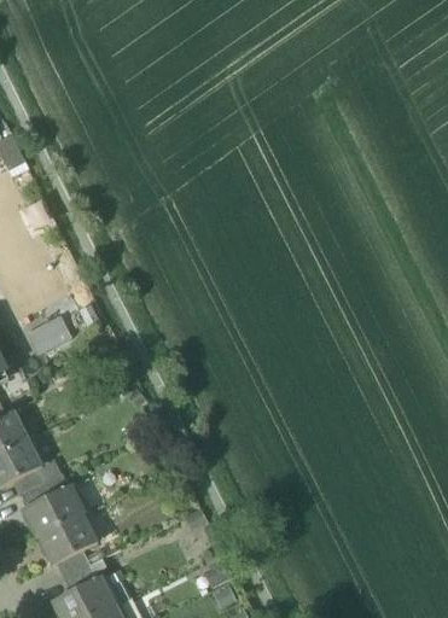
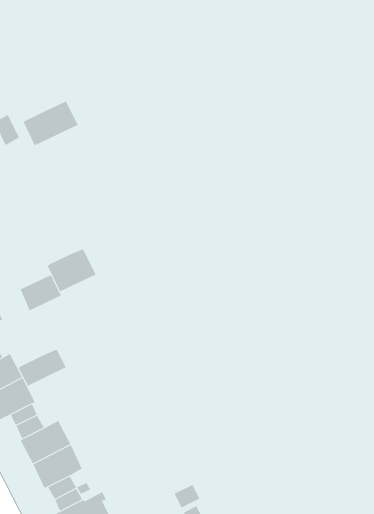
building: none -> [23,100,78,146]
building: none -> [47,248,97,292]
building: none -> [18,349,67,386]

